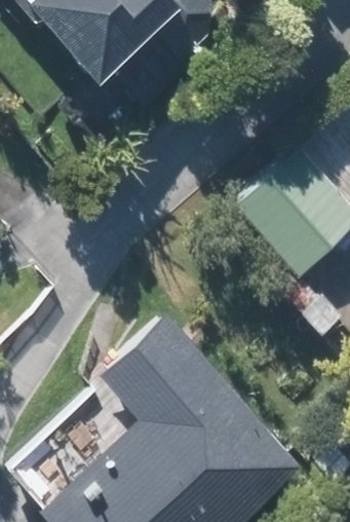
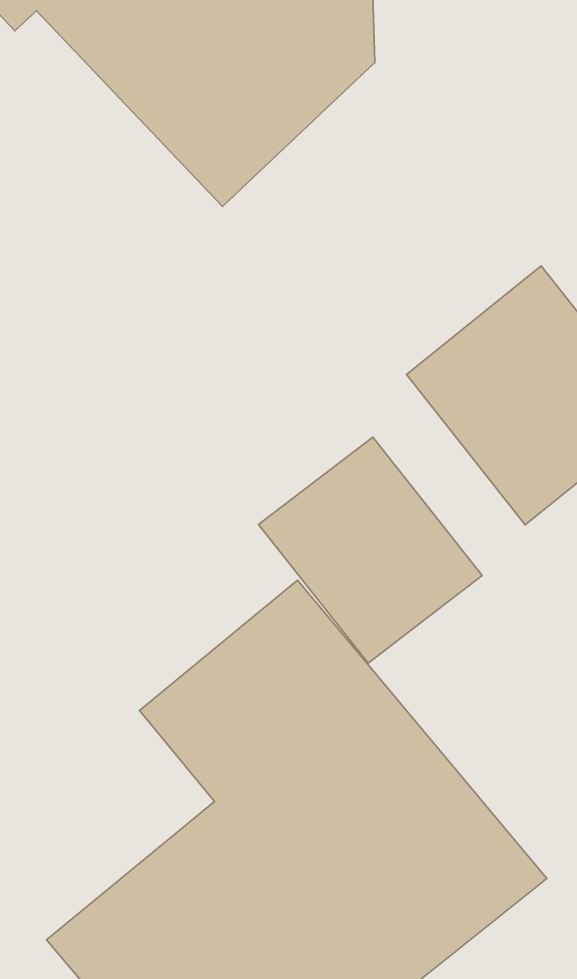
building: none -> [259,437,482,663]

